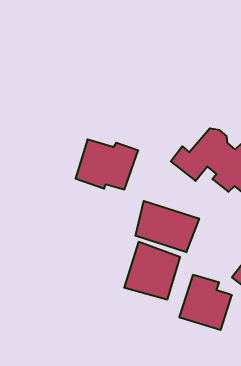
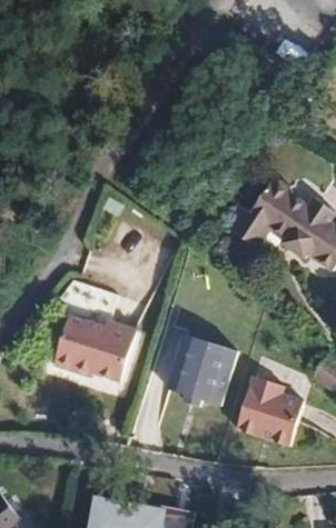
building: [75,139,138,189] -> [46,313,128,379]
building: [135,201,199,252] -> none

